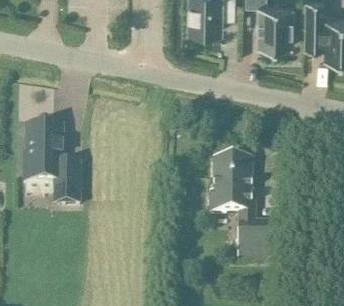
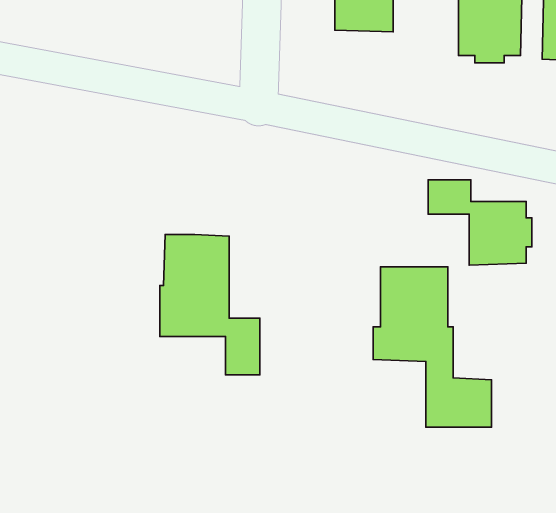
building: none -> [428,180,532,265]
building: [23,129,79,207] -> [160,234,260,375]

